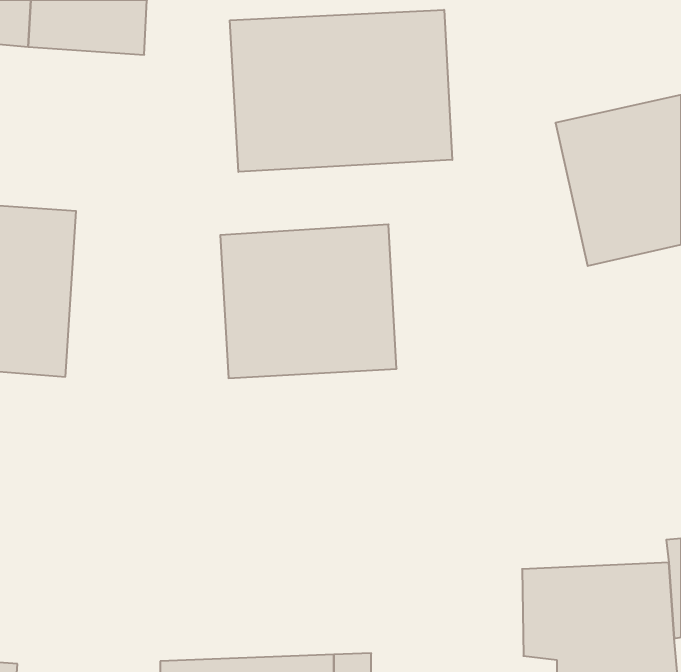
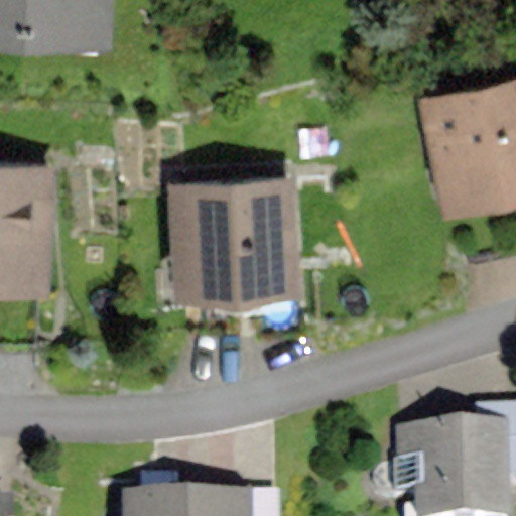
building: [230,10,452,172] -> none

